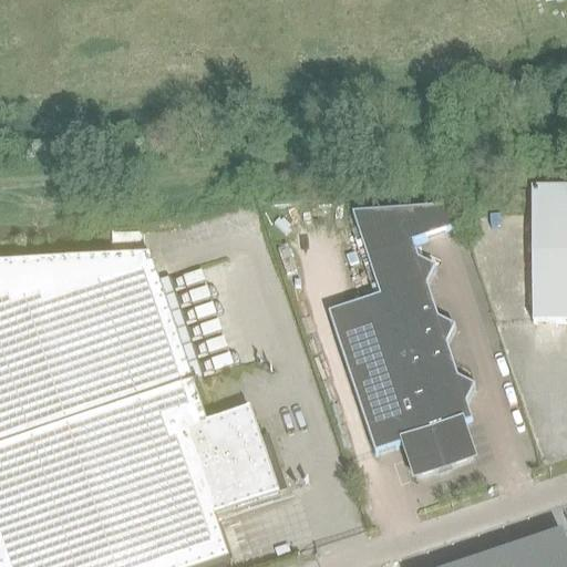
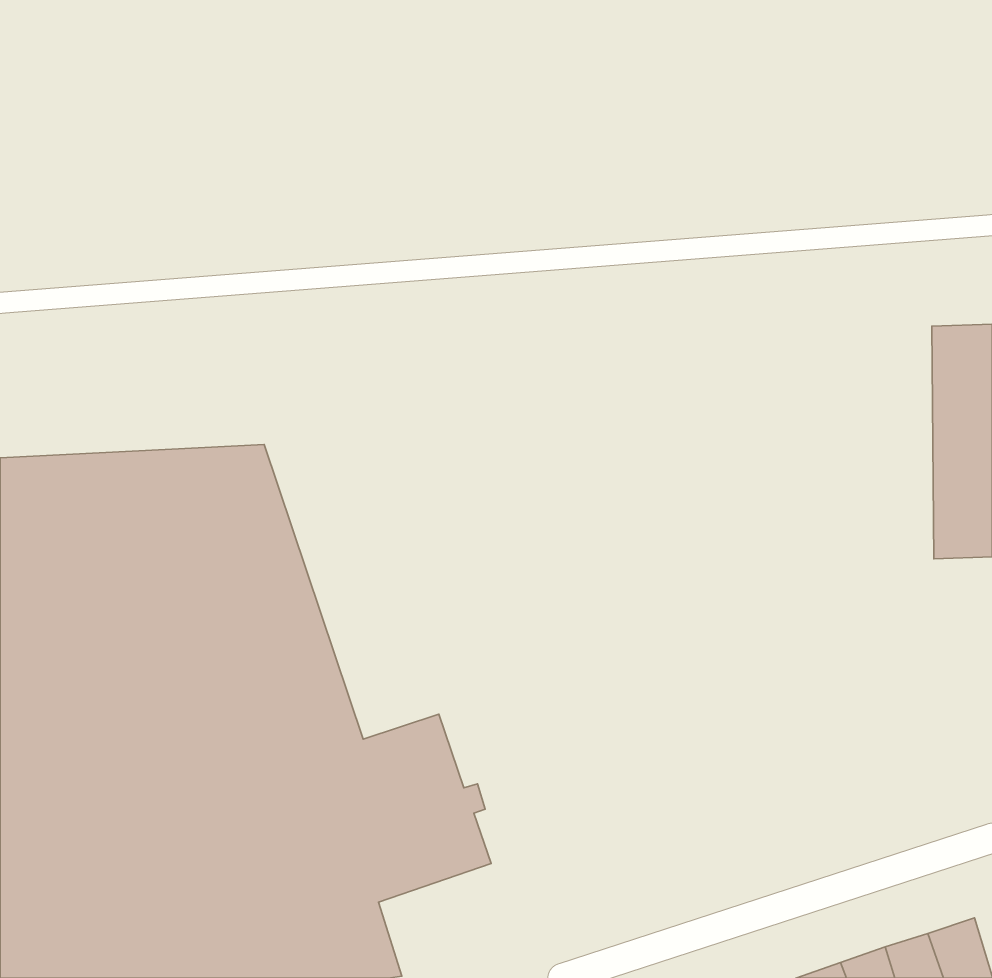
building: [328,204,475,472] -> none

